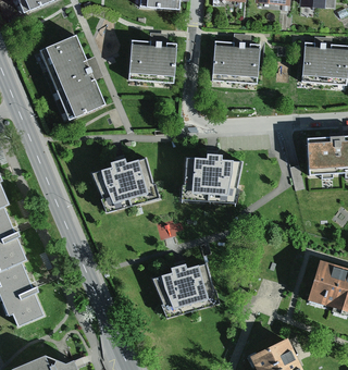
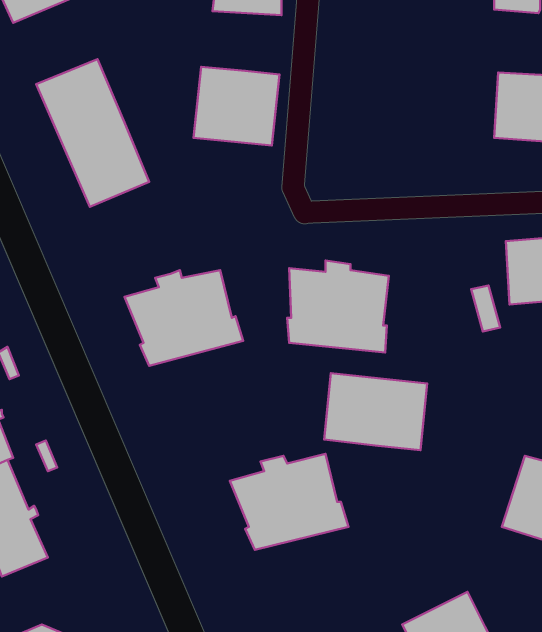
building: [211,40,260,83] -> none
building: none -> [324,373,427,450]

